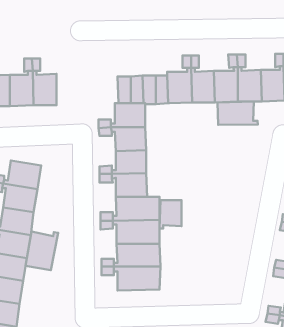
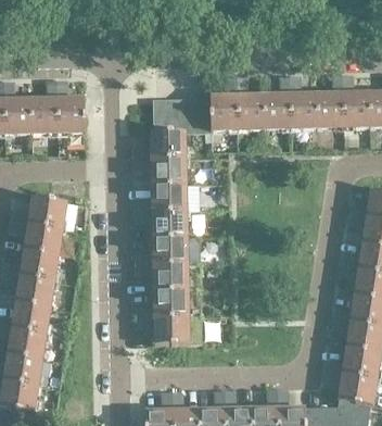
building: [218,101,258,125] -> none
building: [160,200,181,228] -> none
building: [26,232,58,270] -> none

